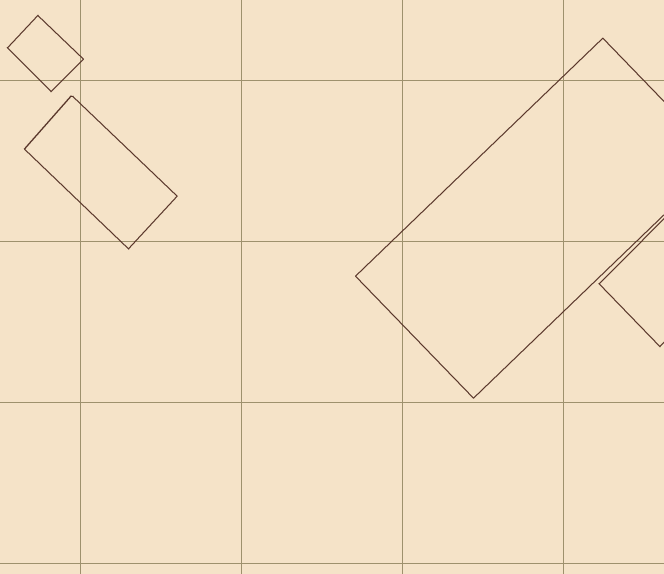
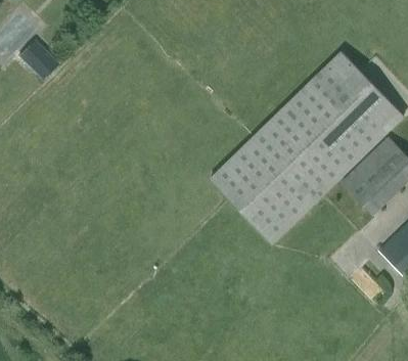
building: [25,96,177,249] -> none

